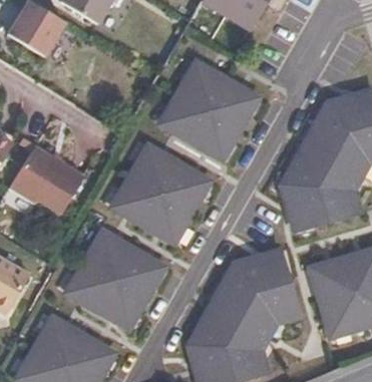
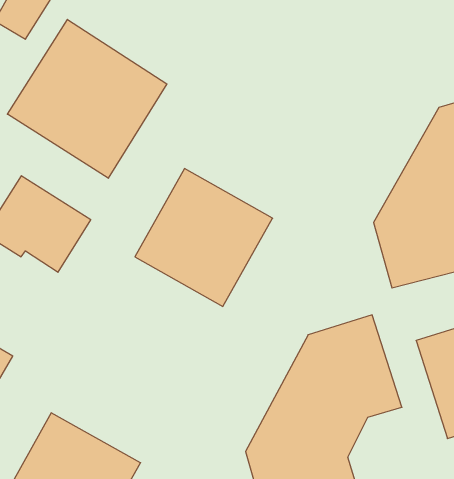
building: none -> [7,19,167,178]
building: [160,60,258,157] -> none
building: [68,231,166,329] -> none

